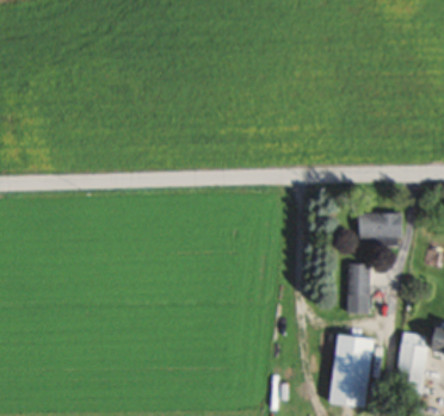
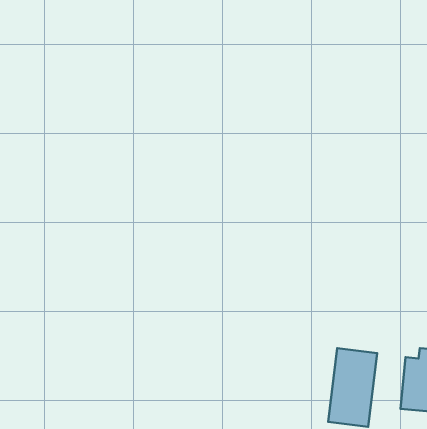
building: [358,212,403,246] -> none
building: [349,263,369,312] -> none

